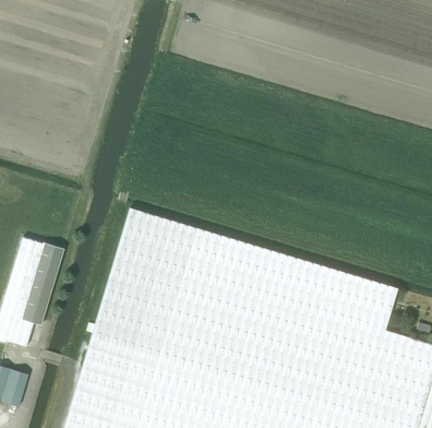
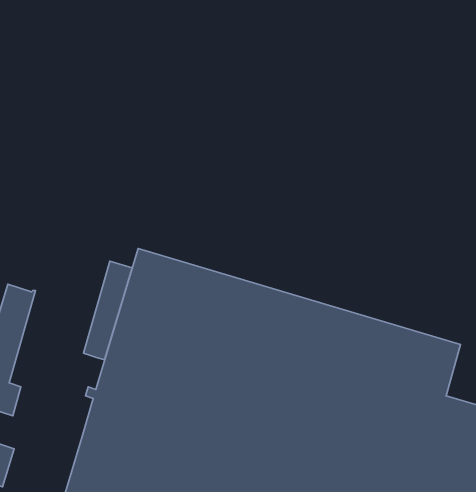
building: [23,243,63,325] -> [84,261,132,360]

